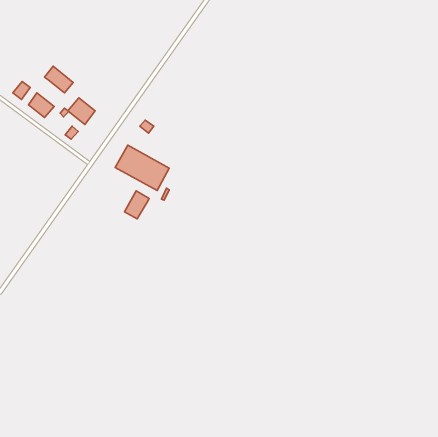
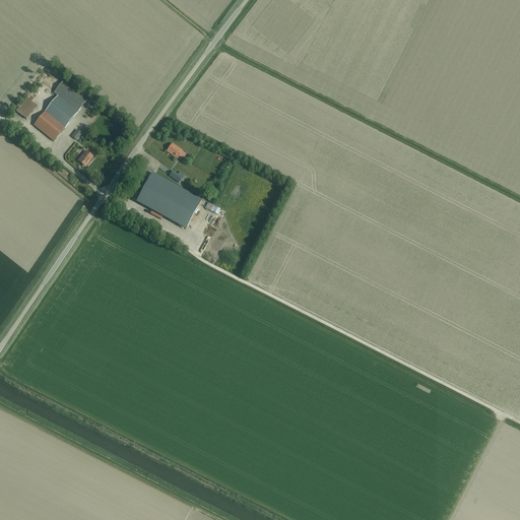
building: [68,98,95,125] -> [44,94,76,126]
building: [124,191,149,219] -> none

